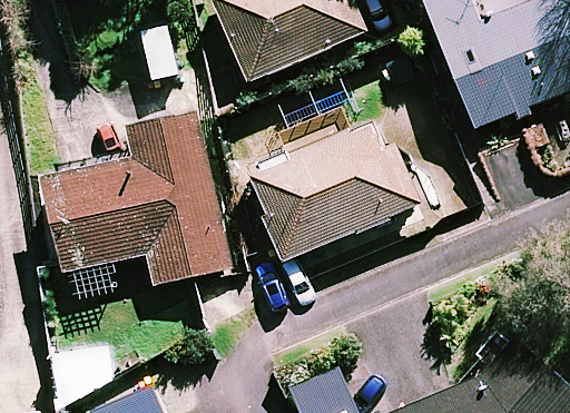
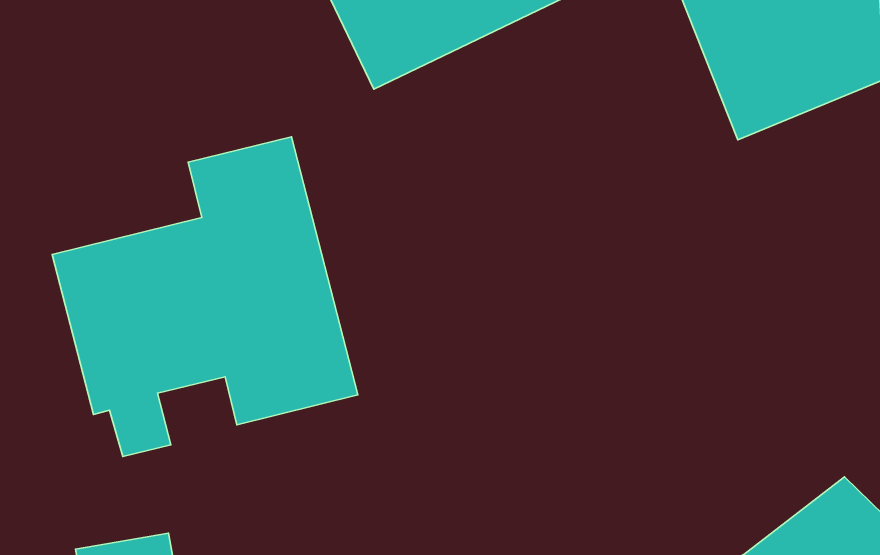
building: [246,119,415,260] -> none

